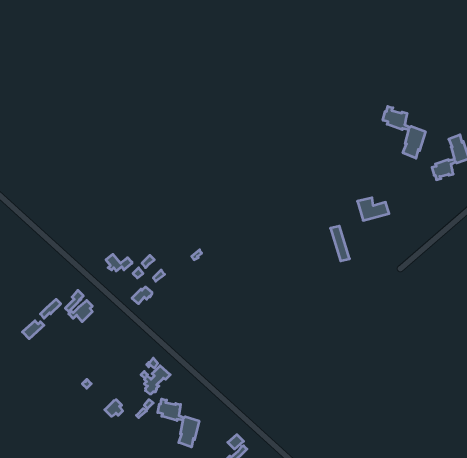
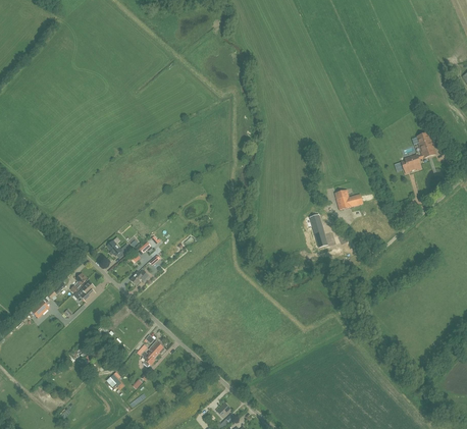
building: [383,106,425,158] -> none
building: [158,399,199,447] -> none

